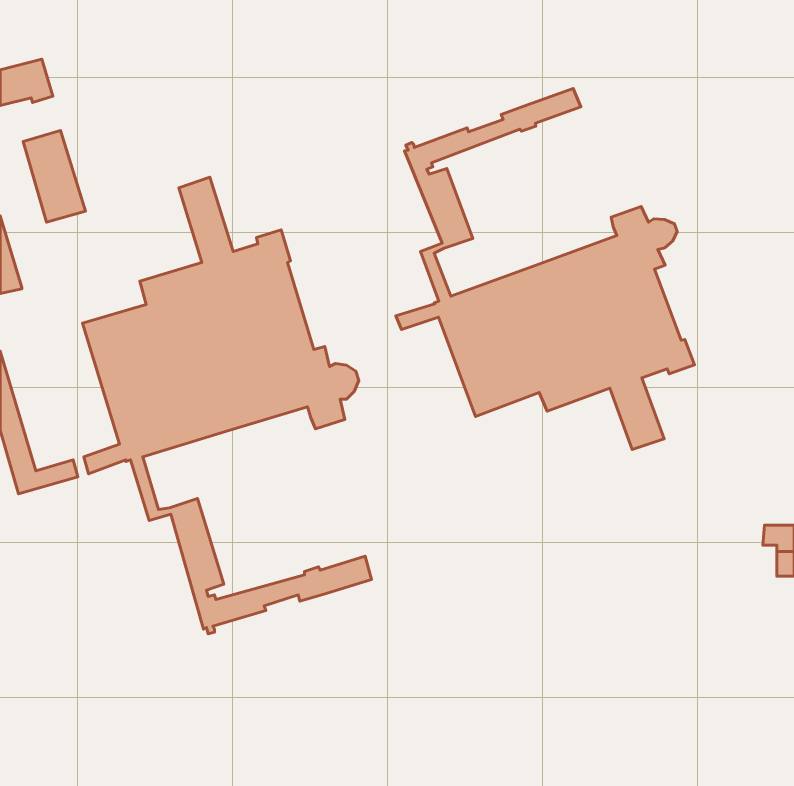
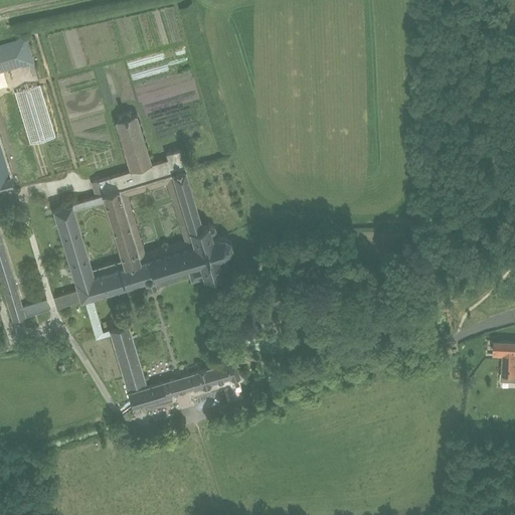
building: [396,88,694,449] -> none

